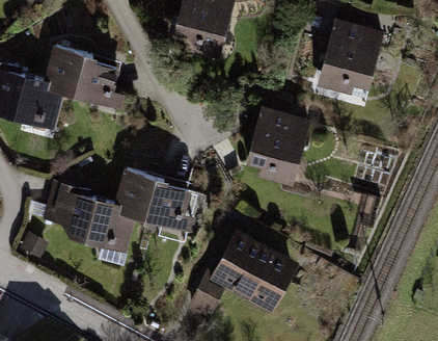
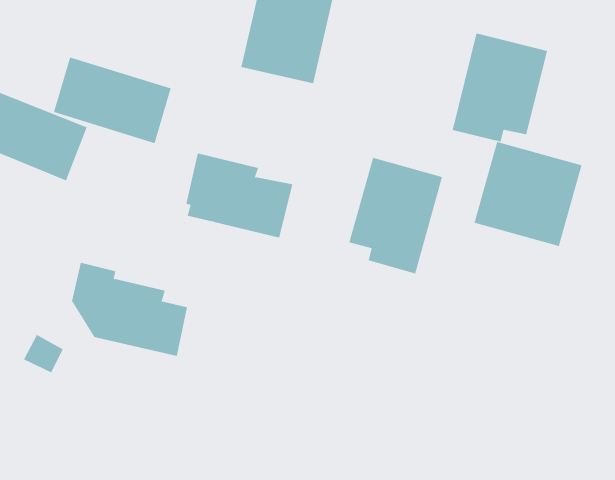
building: none -> [474,141,582,247]
building: [116,167,191,227] -> [185,153,293,238]
building: [187,221,299,319] -> none

